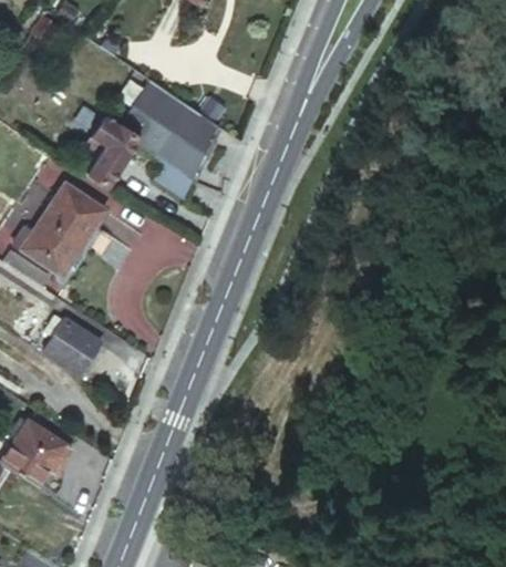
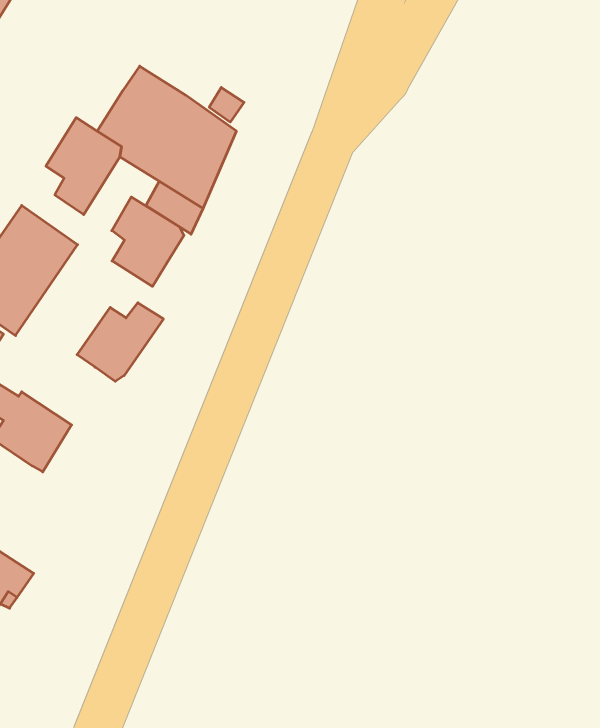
building: none -> [112,197,184,286]
building: none -> [77,303,163,381]

